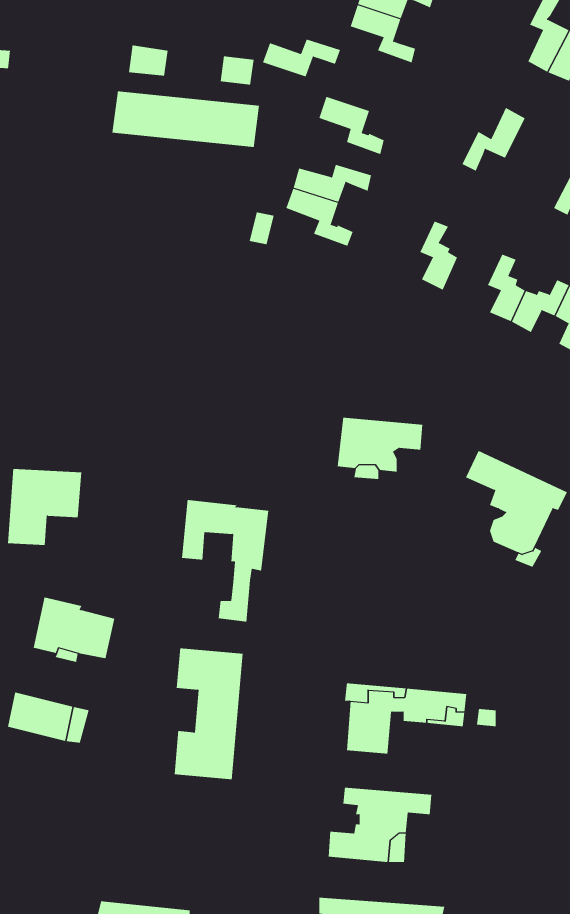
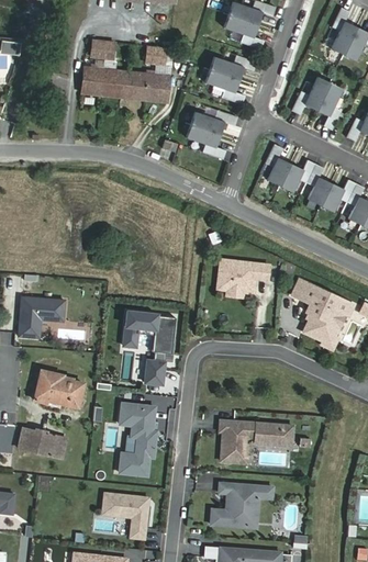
building: [262,39,341,77] -> [210,55,257,78]
building: none -> [317,82,343,130]
building: none -> [280,159,315,191]
building: none -> [104,491,154,543]

